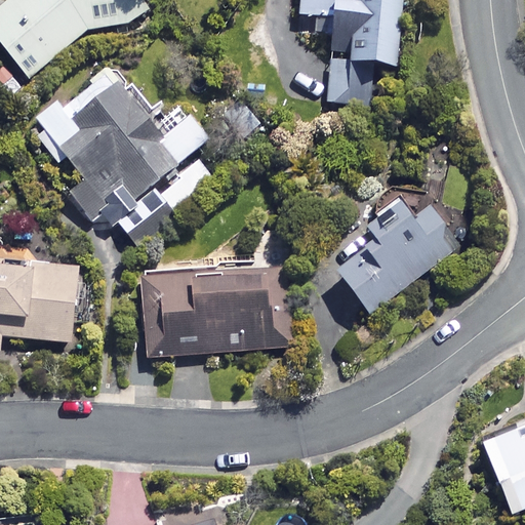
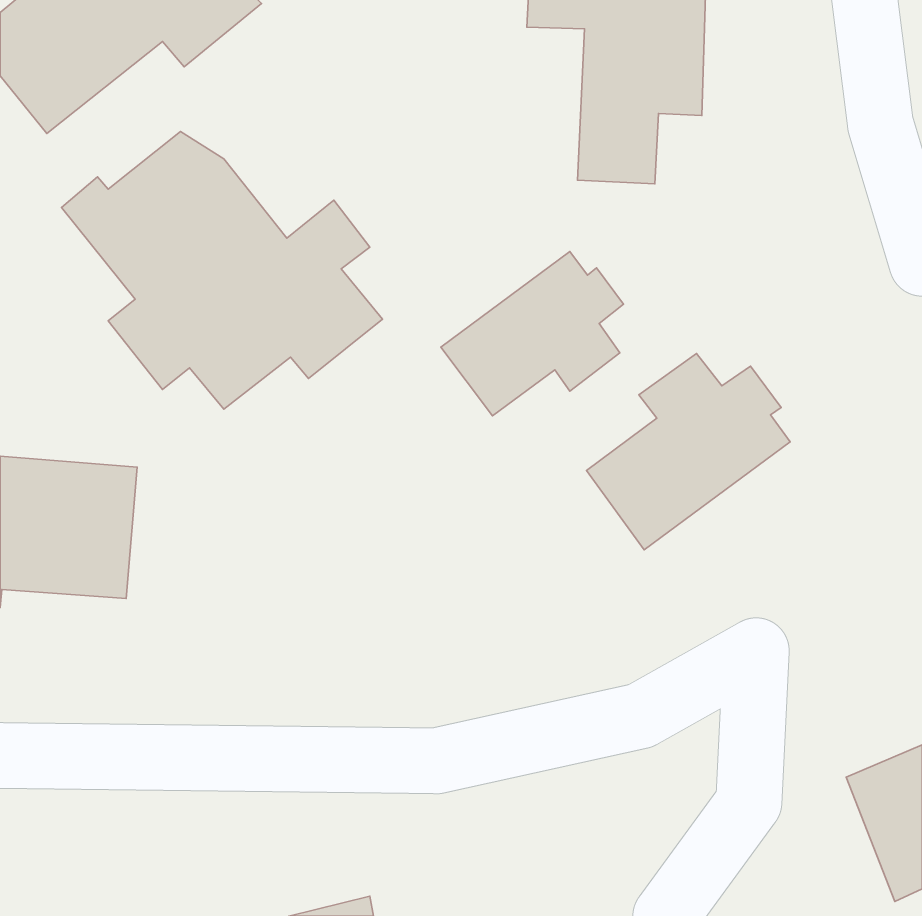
building: none -> [441,252,623,416]
building: [138,260,291,360] -> none

